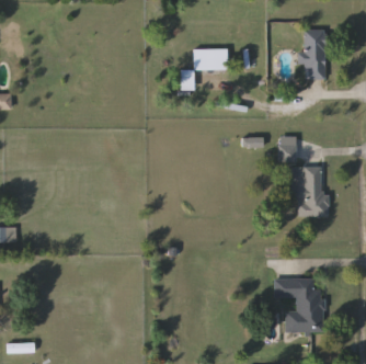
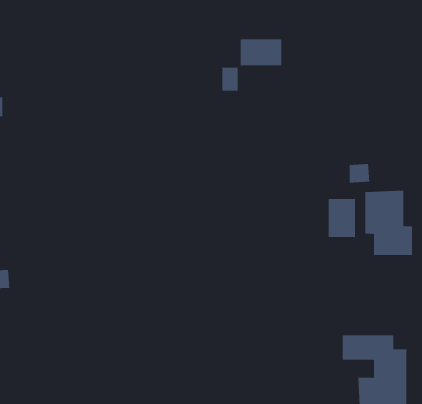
building: [306,31,327,79] -> none
building: none -> [328,198,356,238]

